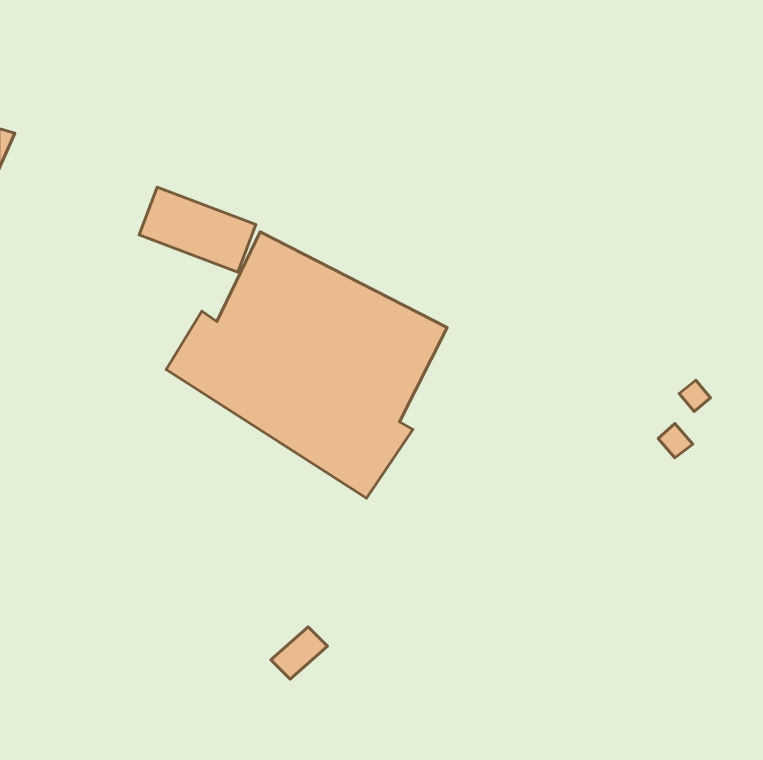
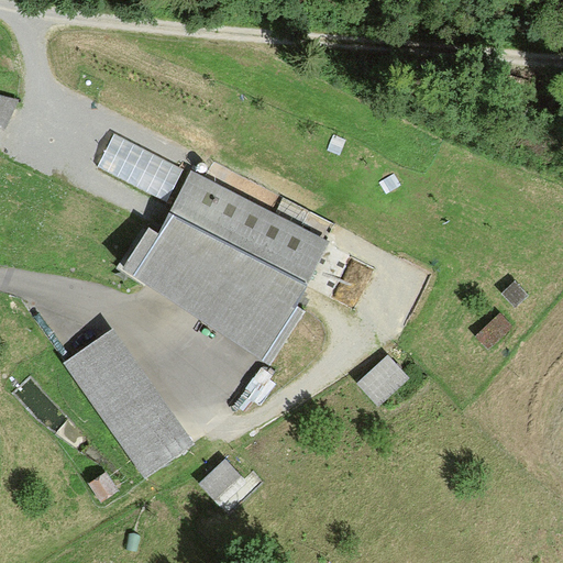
building: none -> [63,327,192,475]
building: none -> [357,354,408,402]

